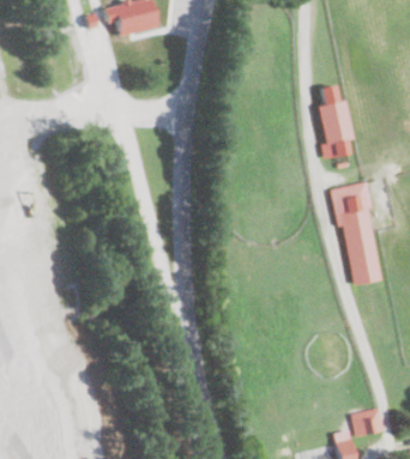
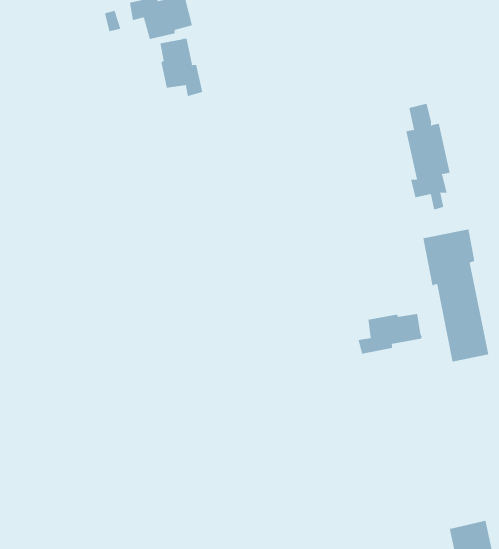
building: none -> [160,38,203,97]
building: none -> [358,313,422,354]

